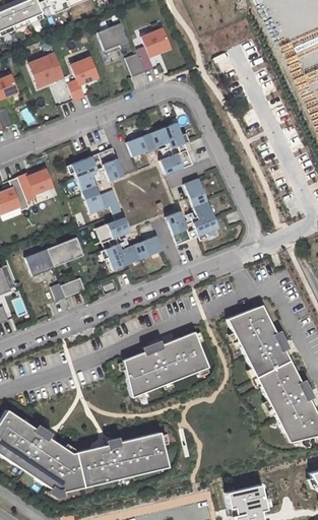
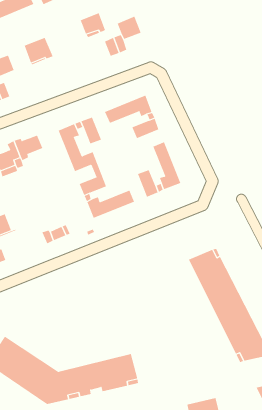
building: [68,58,98,100] -> none
building: [24,237,83,276] -> none
building: [123,332,207,397] -> none

